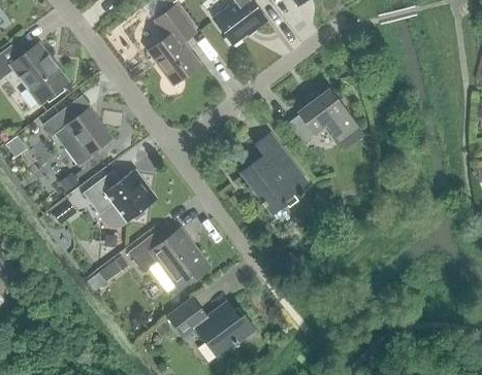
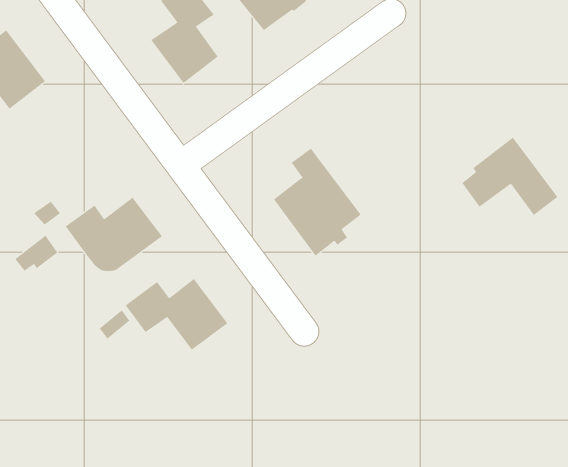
building: [289,88,362,147] -> [462,137,558,216]
building: [42,106,113,165] -> none
building: [166,297,255,357] -> none

